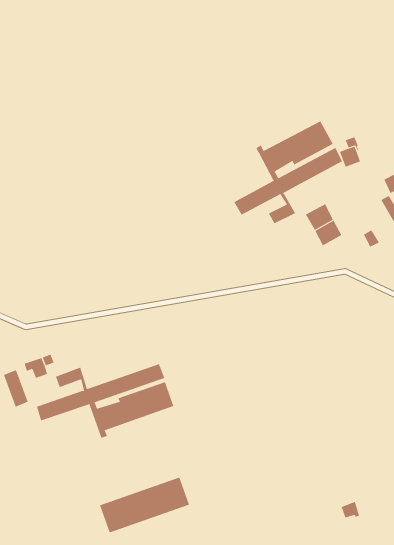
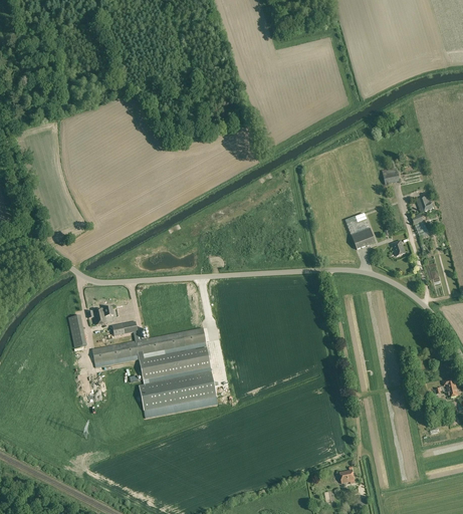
building: [233,120,343,224] -> none
building: [99,477,190,533] -> [139,372,216,412]

